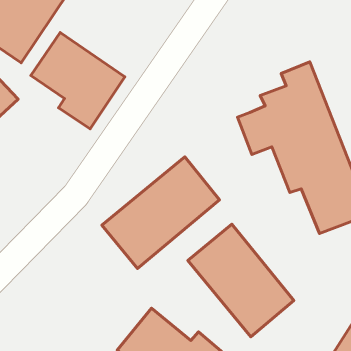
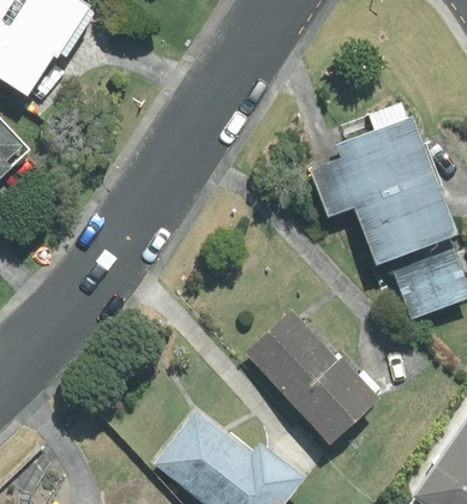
building: [31,33,125,129] -> none
building: [102,157,220,268] -> none

